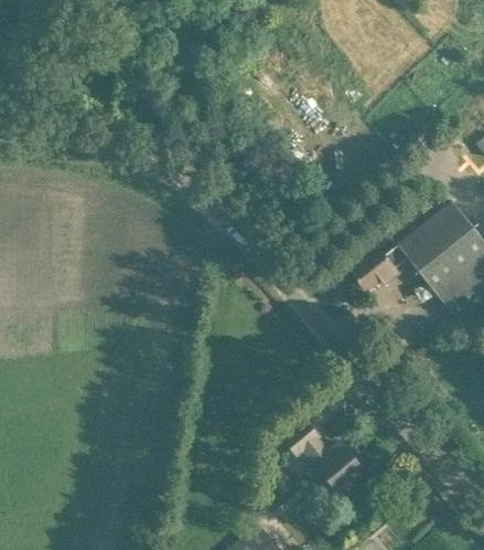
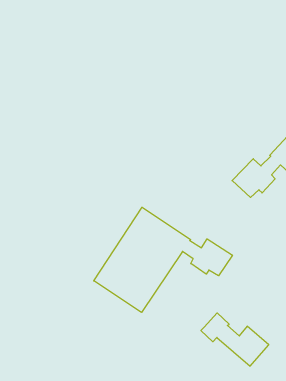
building: none -> [94,207,232,312]

